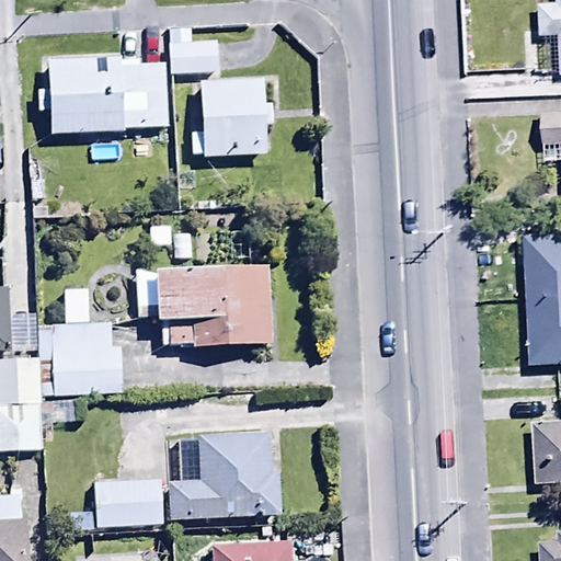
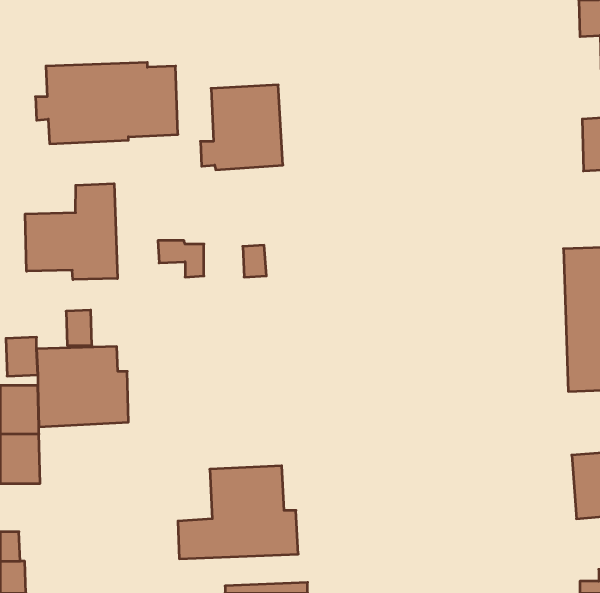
building: [168,26,221,73] -> none
building: none -> [25,184,117,280]
building: [135,263,271,350] -> none
building: [94,478,163,531] -> none

